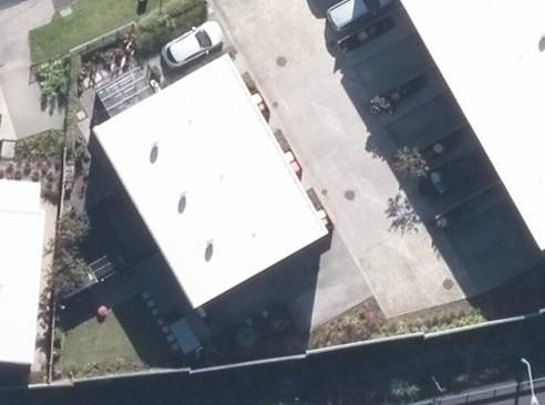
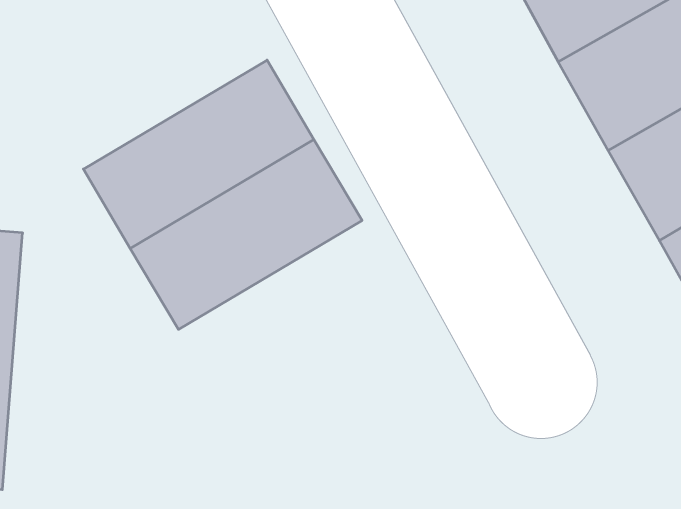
building: [161,168,326,302] -> none

